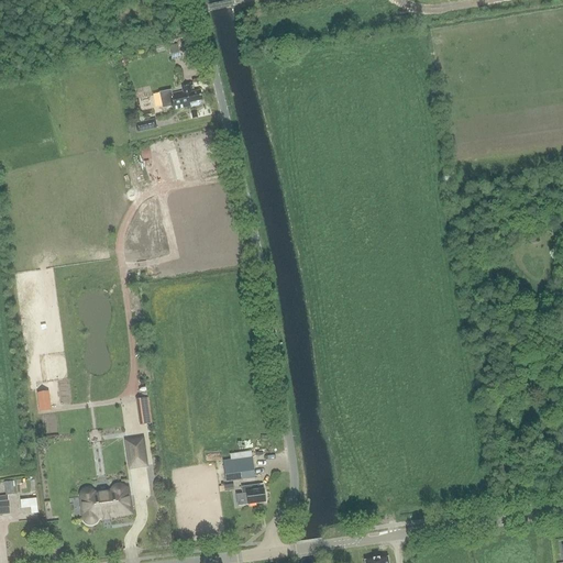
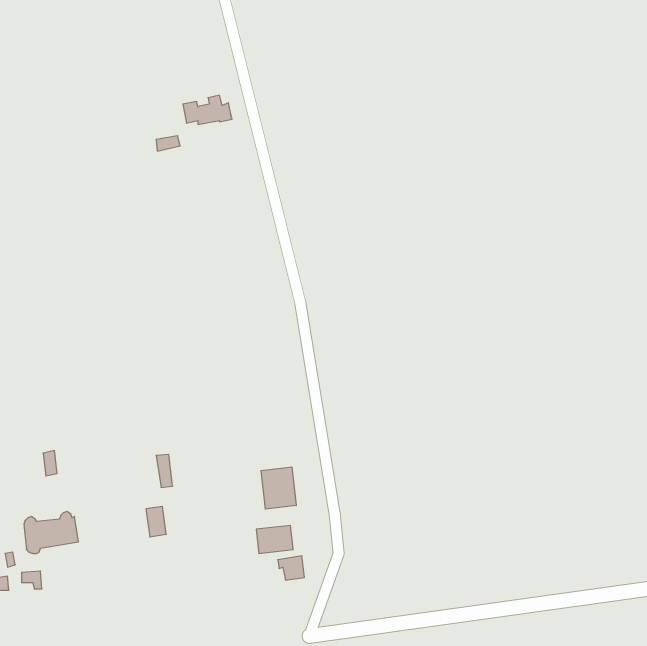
building: none -> [261,467,296,509]
building: [81,484,129,520] -> [24,511,78,553]

